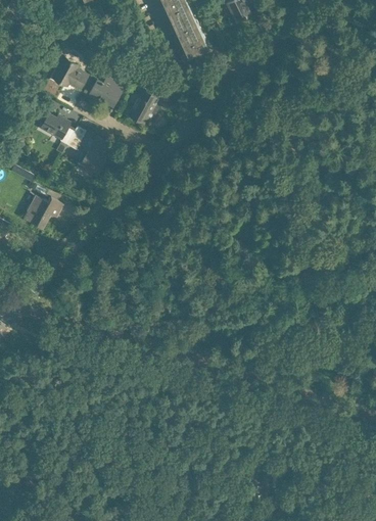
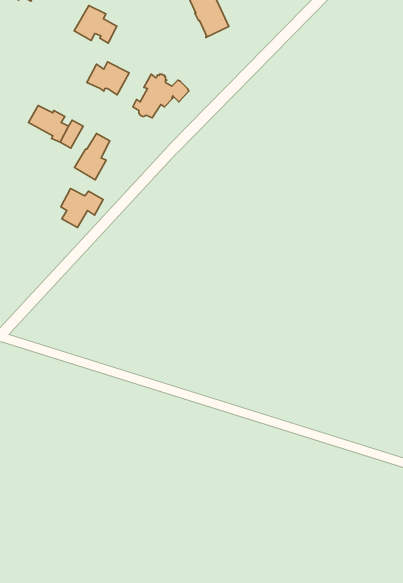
building: [50,57,86,89] -> [74,5,117,43]
building: [25,195,60,228] -> [61,189,103,227]

